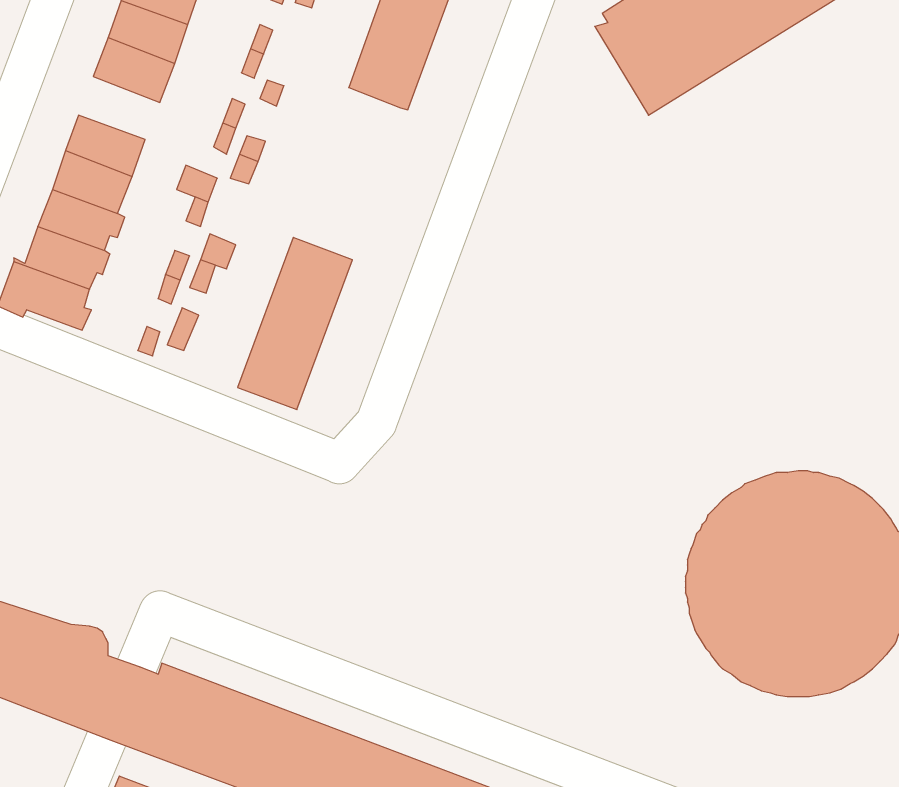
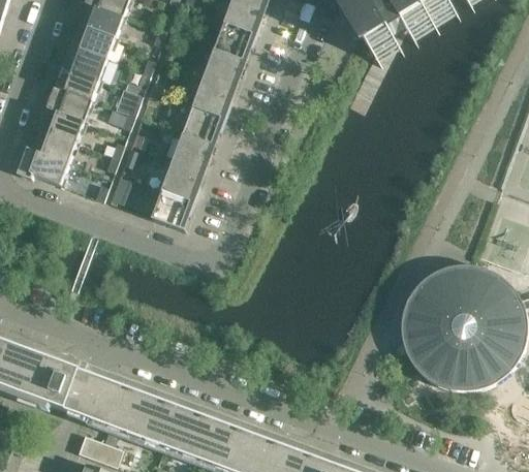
building: none -> [60,45,105,81]
building: none -> [180,52,244,148]

